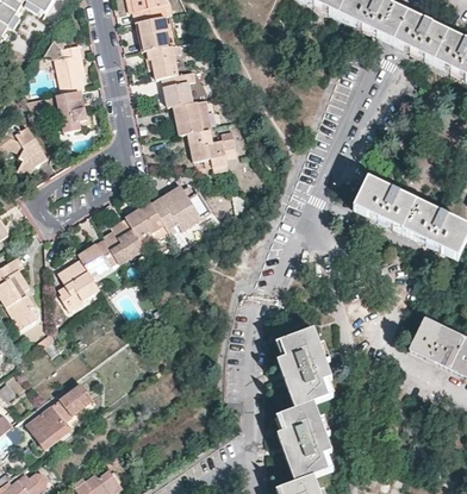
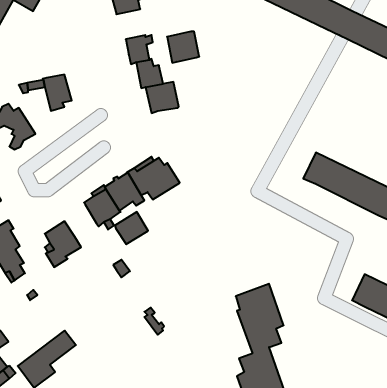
building: [139,14,176,50] -> [167,32,199,63]
building: [42,38,87,93] -> none
building: [187,127,236,170] -> none
building: [79,238,117,275] -> [115,212,148,244]

